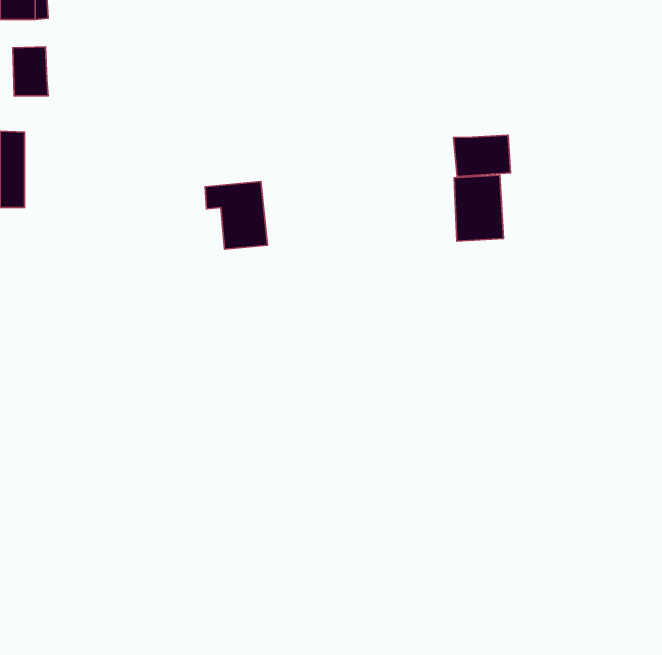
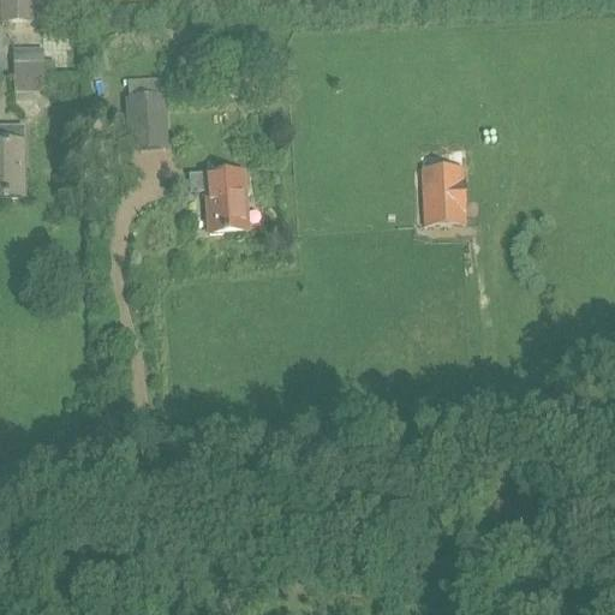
building: none -> [125,73,169,148]
building: [453,135,510,177] -> none

